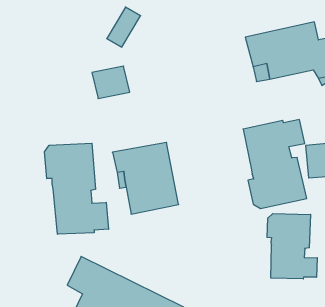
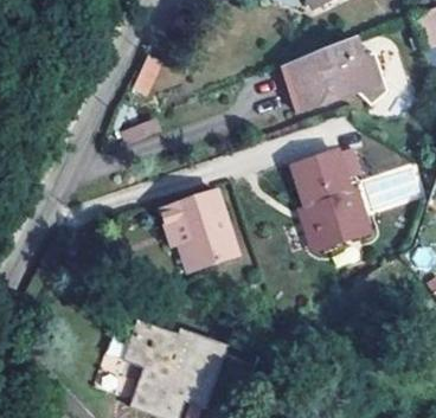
building: [44,143,109,234] -> none
building: [267,214,317,279] -> none

